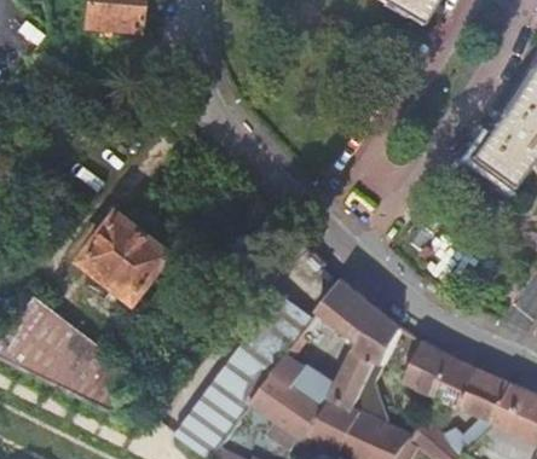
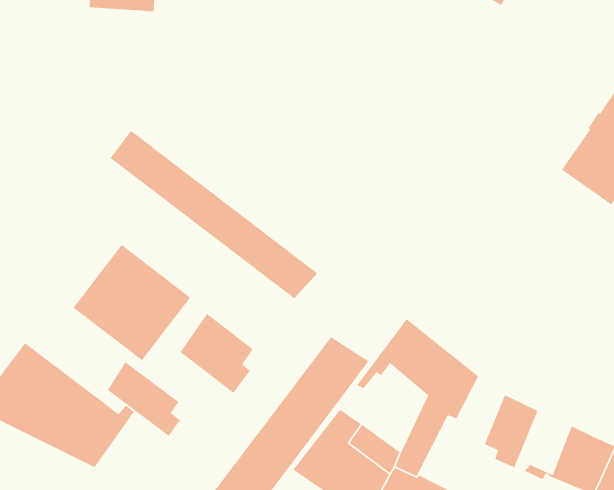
building: none -> [109,130,318,299]
building: none -> [180,313,254,394]
building: none -> [107,361,181,437]
building: [432,355,478,407] -> none

